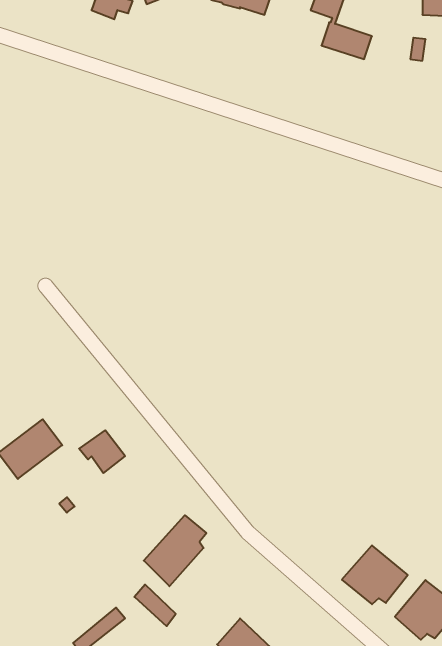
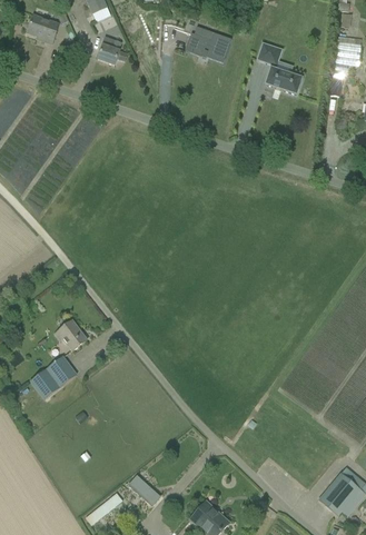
building: [79,430,125,473] -> [53,319,87,350]
building: [144,515,206,586] -> none
building: [342,545,408,604] -> none

